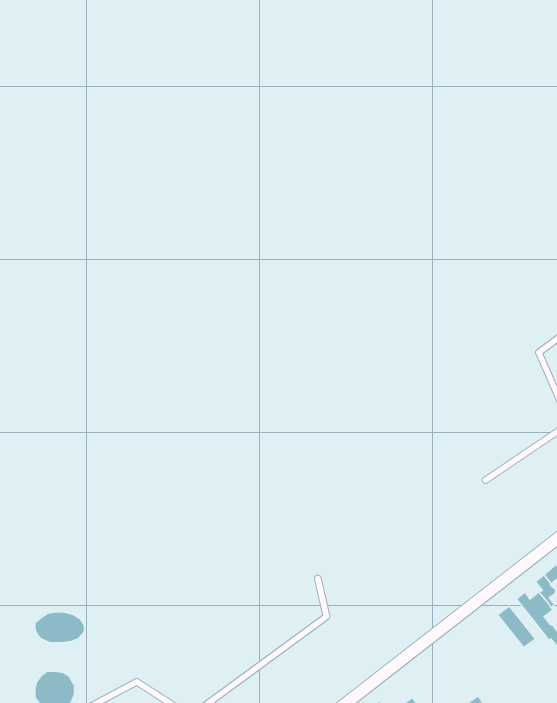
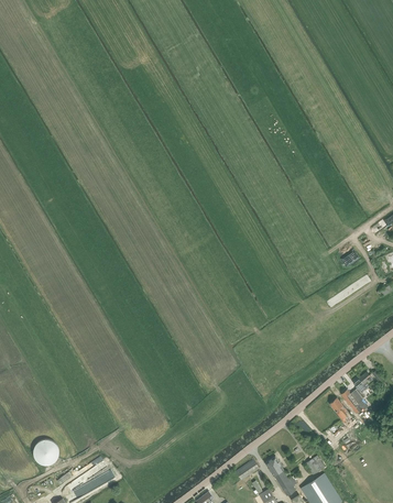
building: [35,612,84,643] -> none

